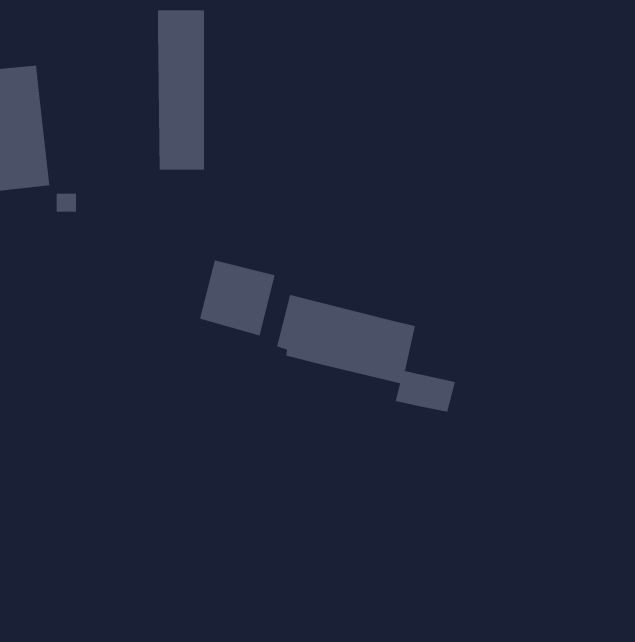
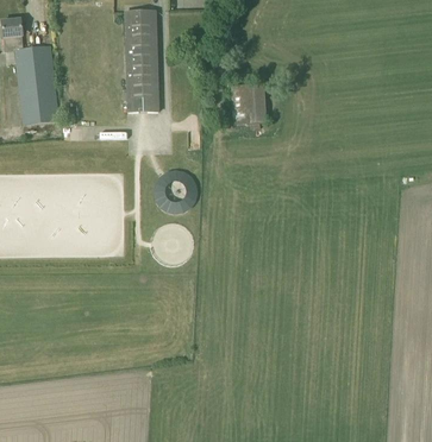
building: none -> [232,83,267,124]
building: [277,294,456,413] -> none

